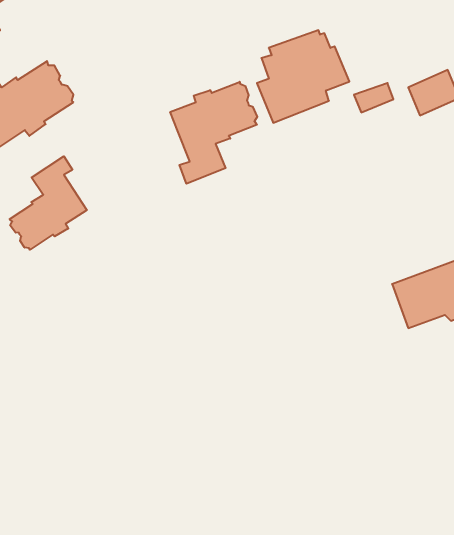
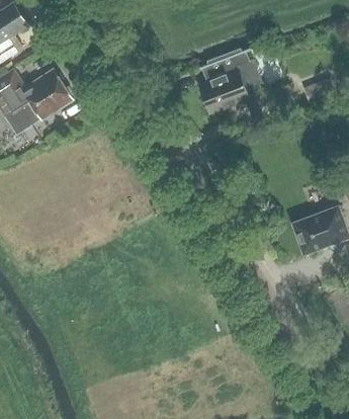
building: [170,82,257,184] -> none
building: [10,156,87,250] -> none

